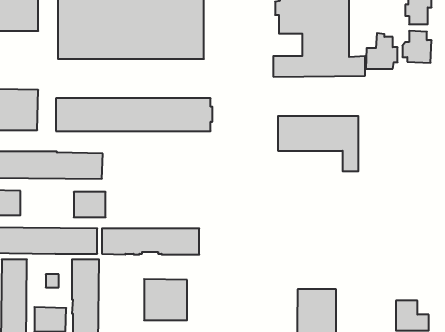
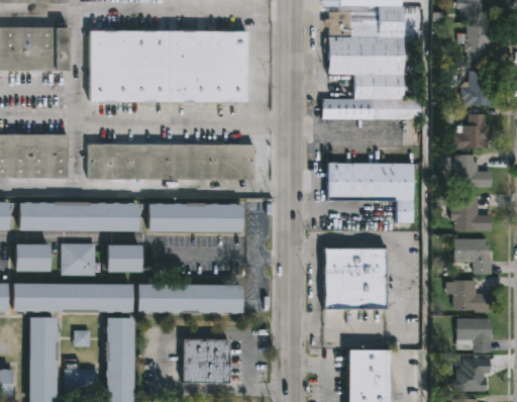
building: [366,33,398,69] -> [457,109,492,147]
building: none -> [454,155,492,187]
building: none -> [442,196,492,231]
building: none -> [148,202,241,231]
building: none -> [453,238,492,274]
building: none -> [61,243,96,276]
building: none -> [321,247,387,312]
building: none -> [446,280,492,312]
building: none -> [457,318,492,351]

